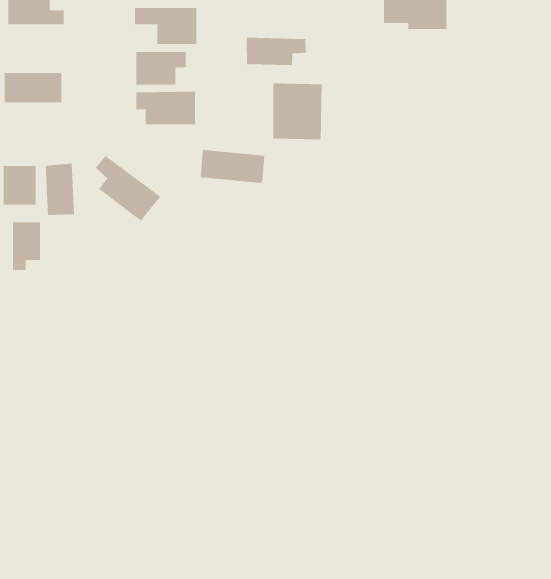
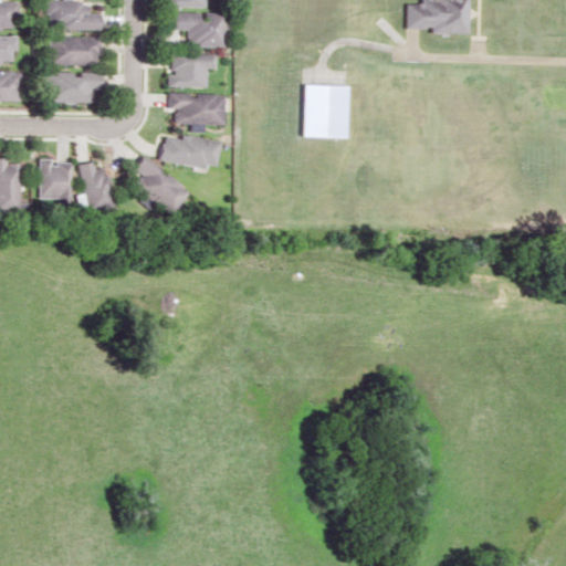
building: none -> [49,38,101,65]
building: [246,37,306,66] -> none
building: [200,150,265,183] -> [159,135,221,167]
building: [13,221,40,271] -> none

